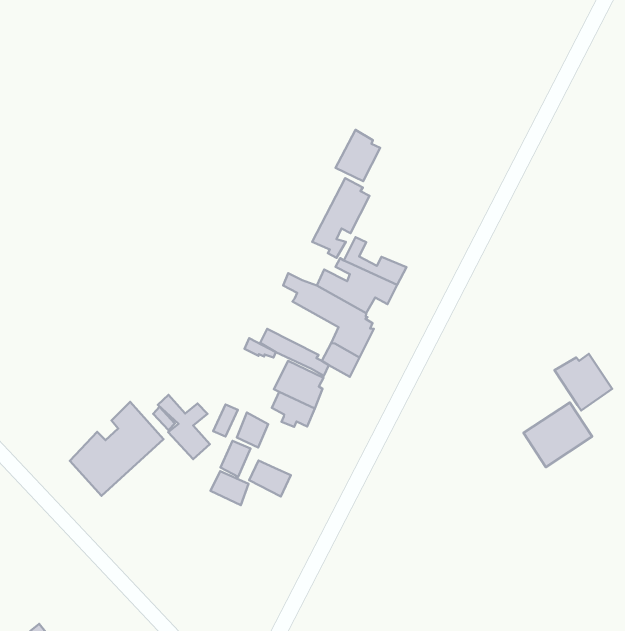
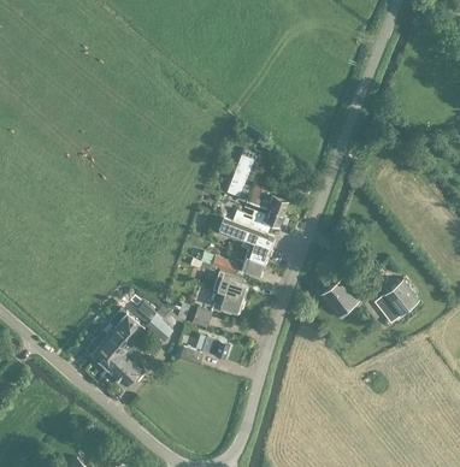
building: [336,130,380,181] -> none
building: [554,354,612,410] -> none
building: none -> [323,278,360,315]
building: none -> [108,350,145,385]

